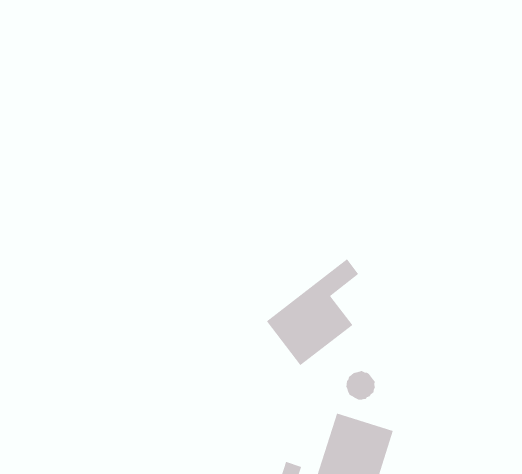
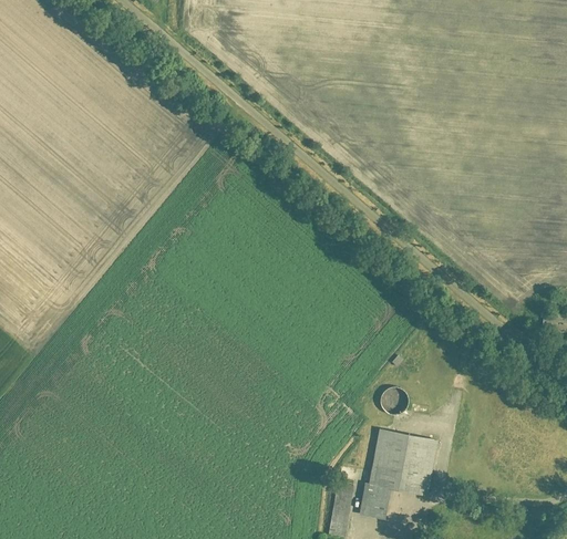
building: [266,258,359,366] -> none

